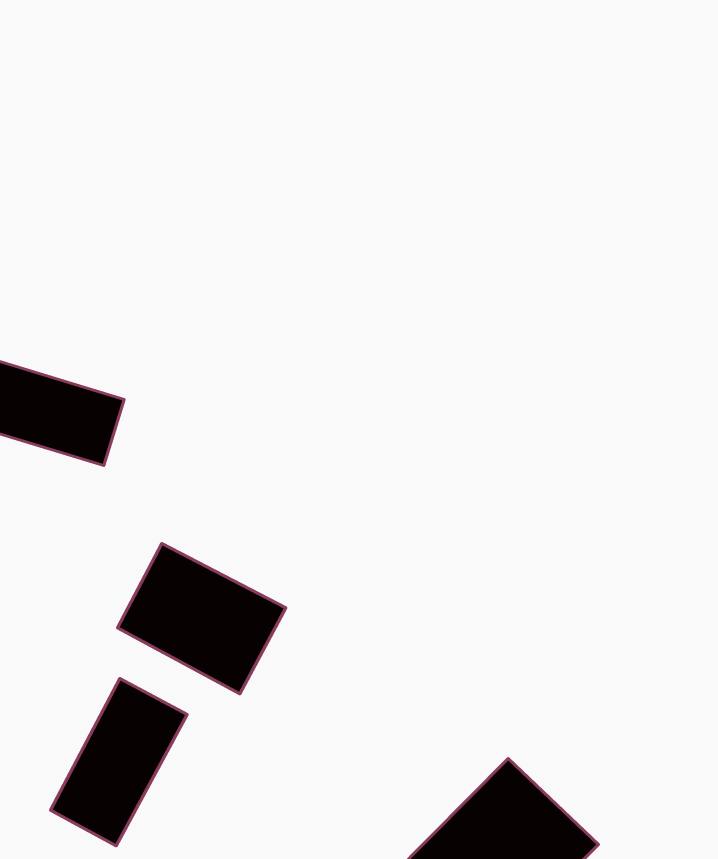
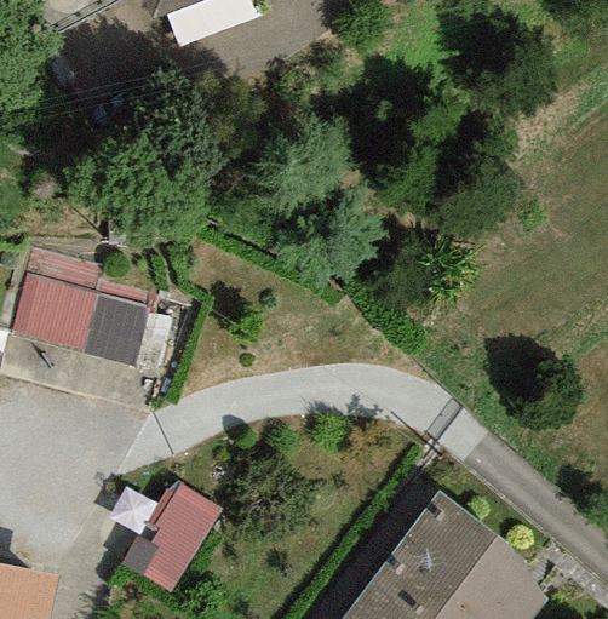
building: [118,544,286,694] -> none

